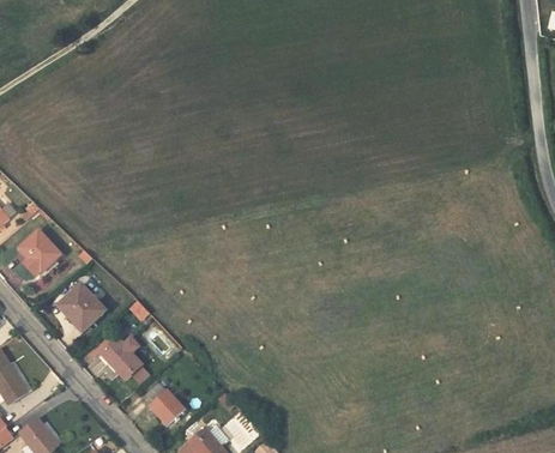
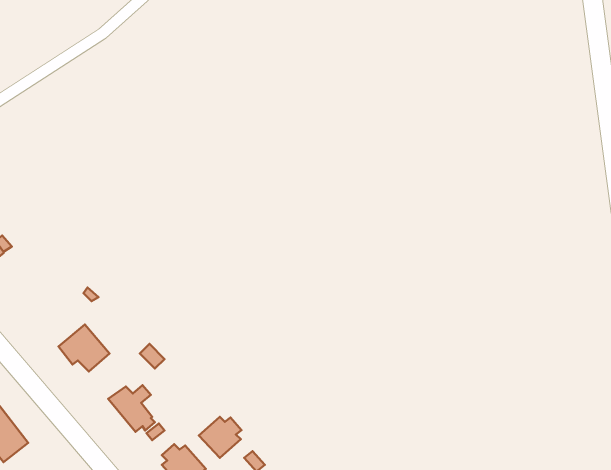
building: [20,234,61,274] -> none
building: none -> [199,417,241,458]

